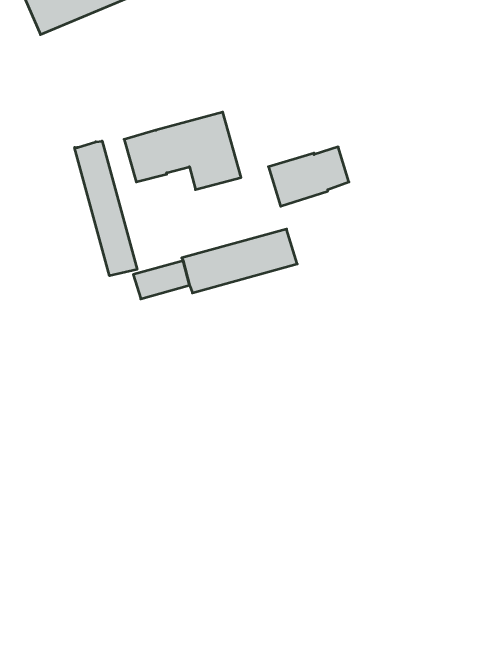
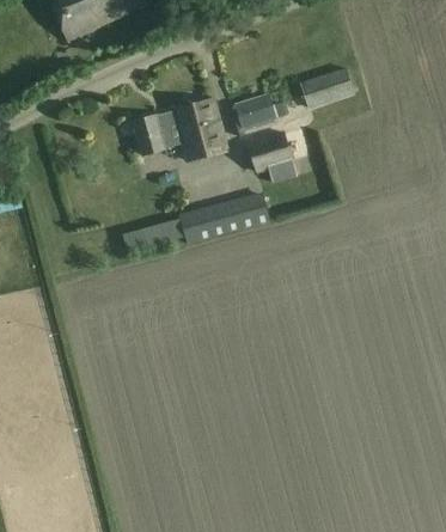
building: none -> [300,69,354,110]
building: none -> [234,92,277,130]
building: [75,141,137,276] -> none

